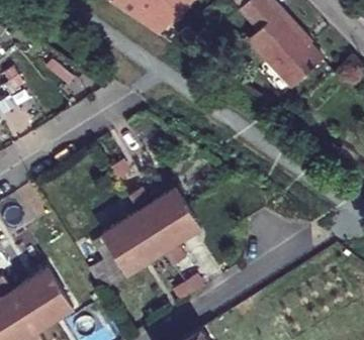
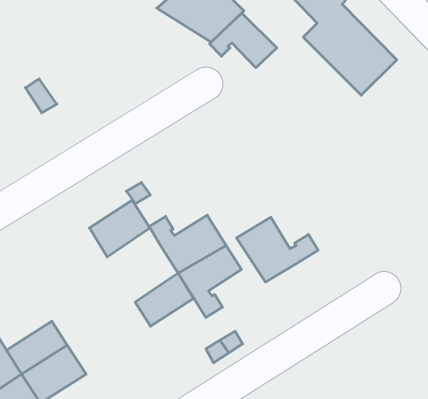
building: none -> [210,13,277,68]
building: none -> [237,217,318,282]
building: [99,208,148,253] -> [89,200,150,257]

